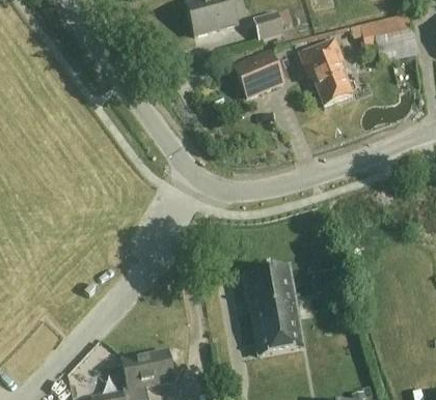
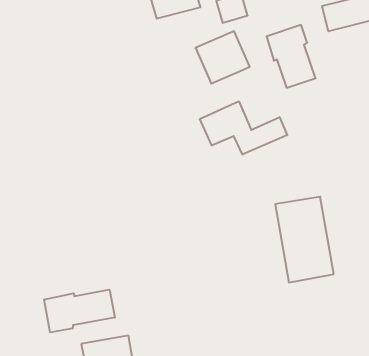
building: none -> [200,101,287,155]
building: [243,265,301,350] -> [275,197,334,282]
building: none -> [44,290,115,332]

